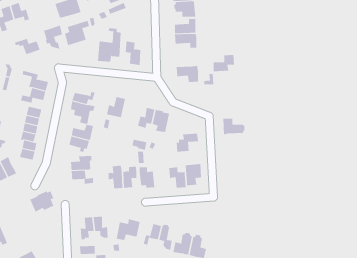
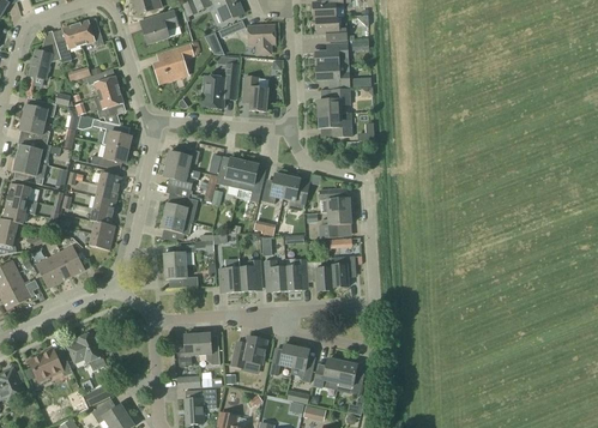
building: none -> [248,25,274,54]
building: [43,25,63,49] -> [95,89,123,125]
building: [213,54,235,72] -> [318,89,350,114]
building: none -> [238,161,262,203]
building: [222,118,245,135] -> [319,189,352,213]
building: none -> [285,258,308,290]
building: [29,190,54,212] -> [66,332,102,364]

